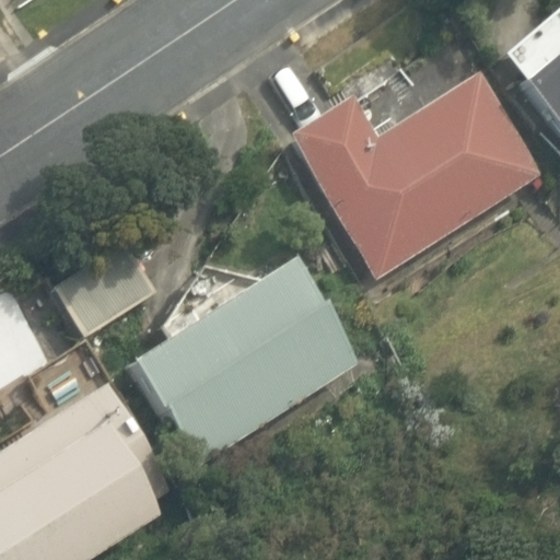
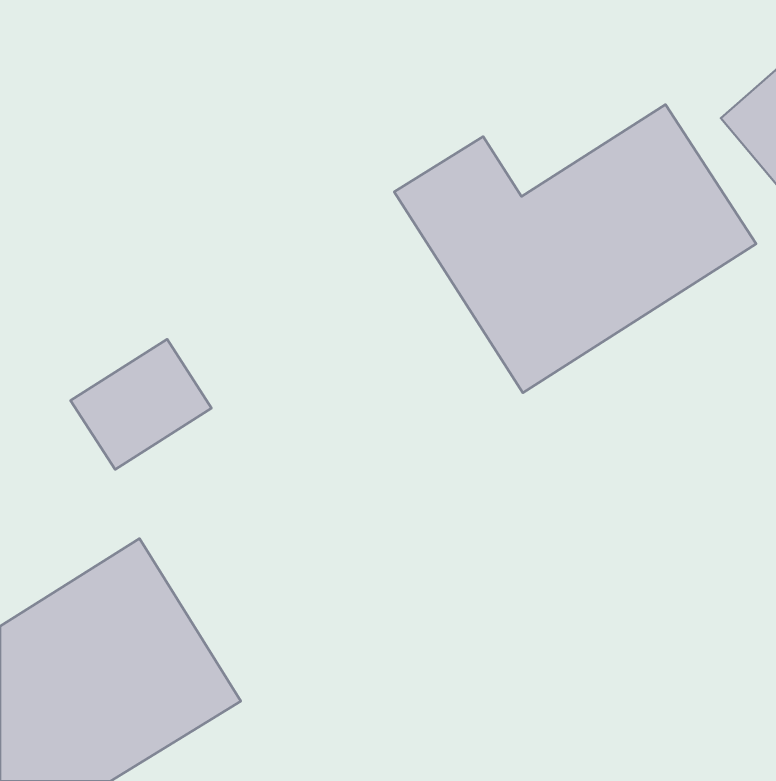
building: [131,258,359,465] -> none

